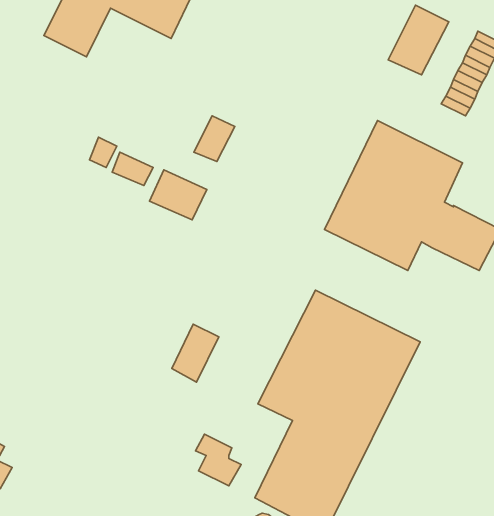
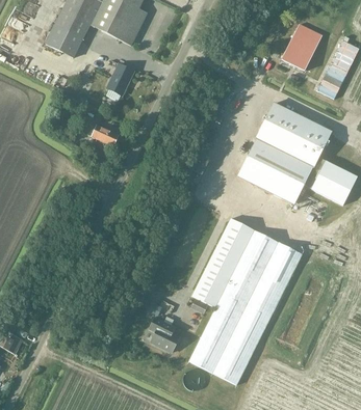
building: [194,116,235,161] -> [105,63,133,94]
building: [150,170,207,220] -> none
building: [172,324,219,382] -> none

